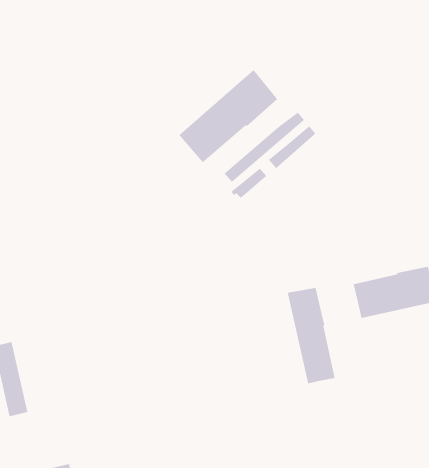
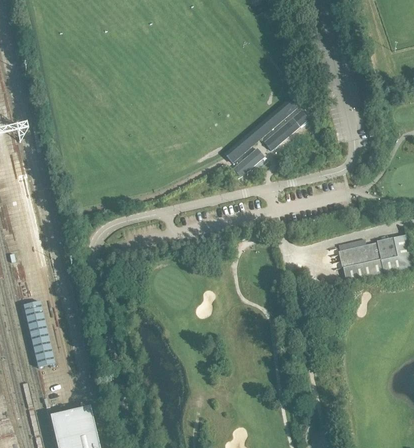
building: [178,69,278,163] -> none
building: [287,287,335,384] -> none

